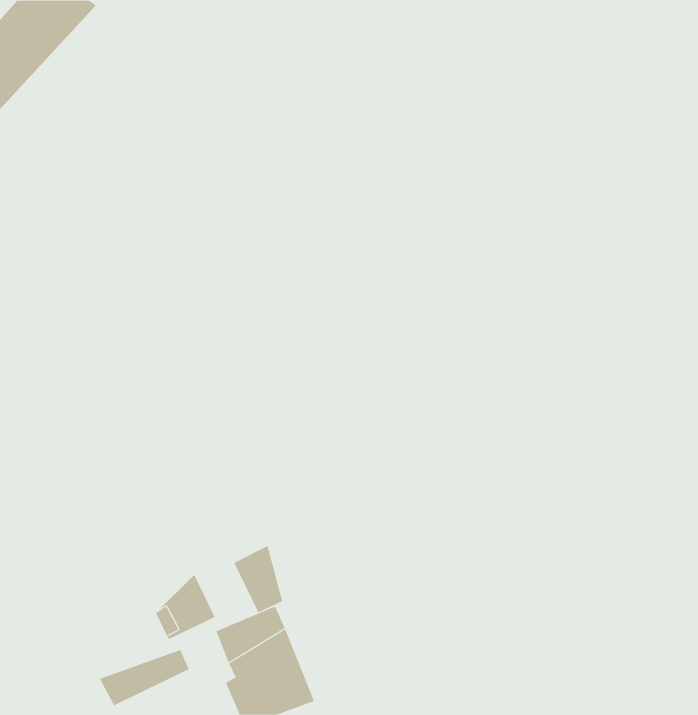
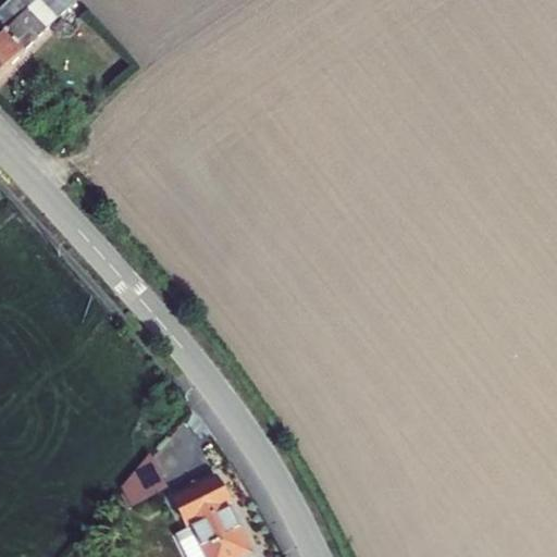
building: [234,545,283,613] -> none
building: [99,649,190,706] -> none

